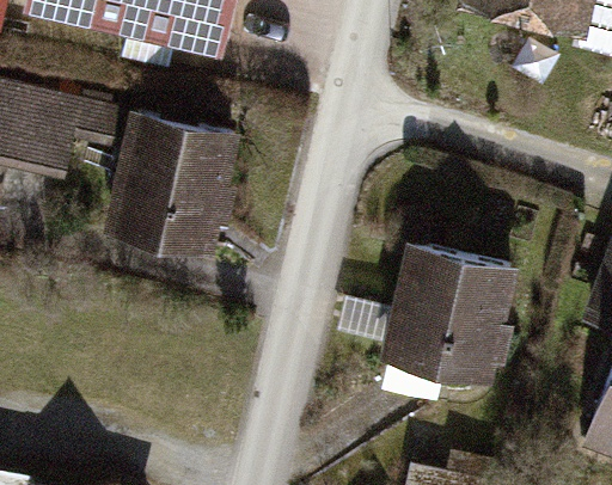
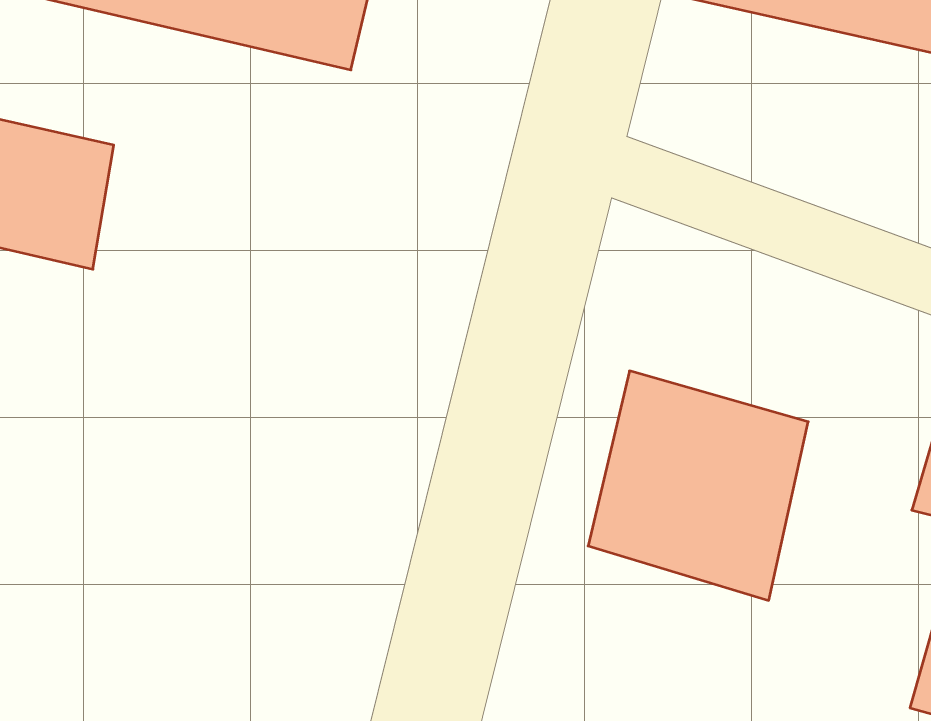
building: [104,110,240,252] -> none

